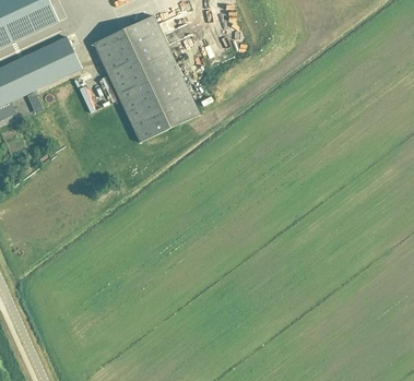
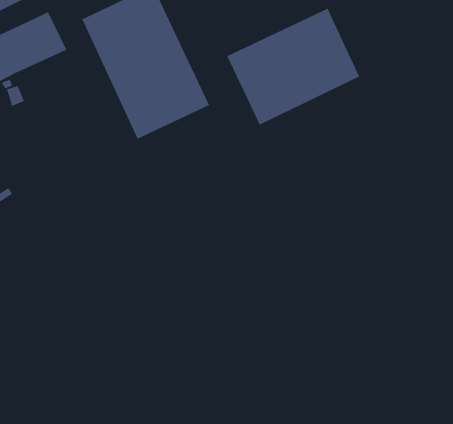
building: none -> [227,8,360,125]

